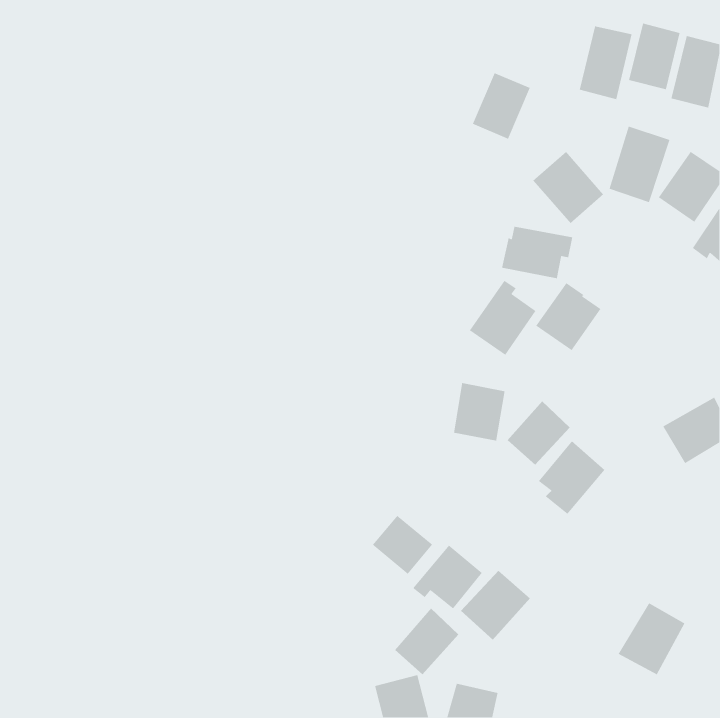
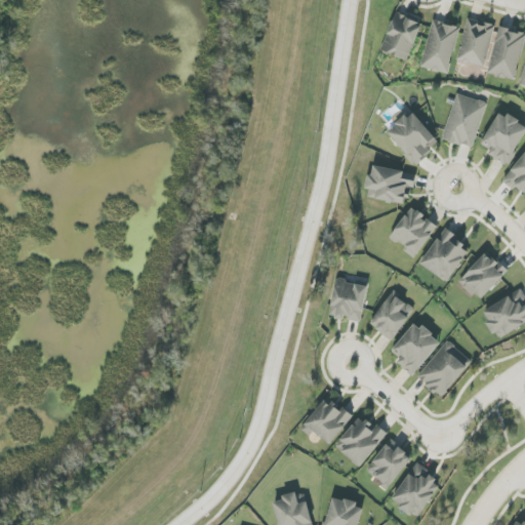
building: [472,72,531,140] -> [379,10,422,59]
building: [469,280,537,356] -> [419,226,469,281]
building: none -> [458,250,507,299]
building: none -> [416,339,472,396]
building: [372,515,433,575] -> none
building: [618,602,685,675] -> [391,463,440,517]
building: [394,608,459,675] -> [365,438,412,487]

